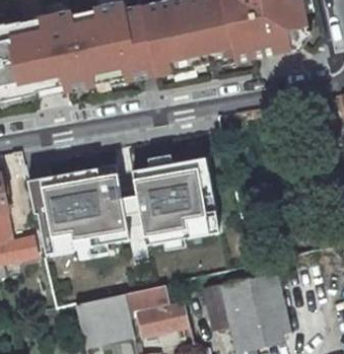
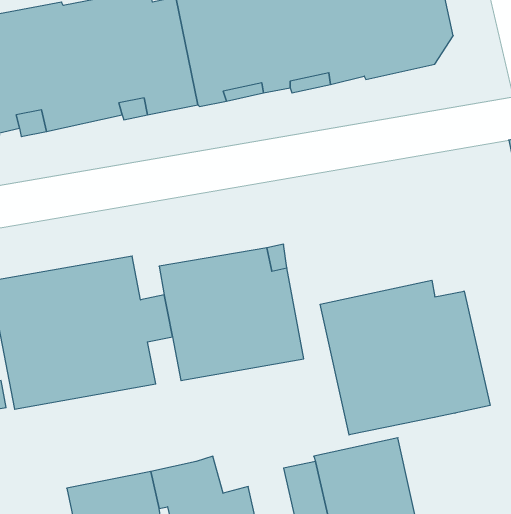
building: none -> [320,280,490,435]

